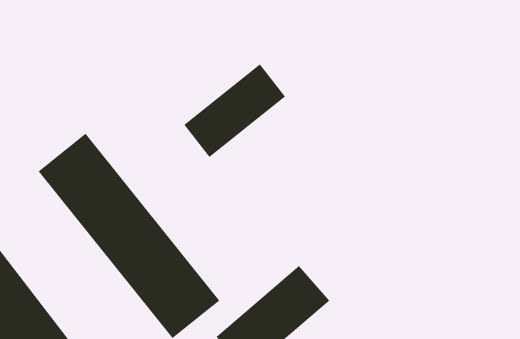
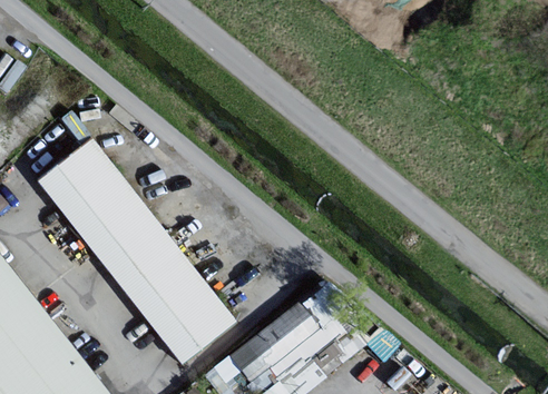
building: [183,63,286,158] -> none

